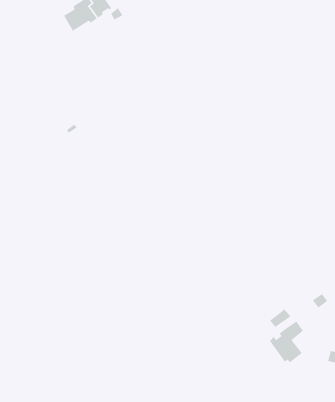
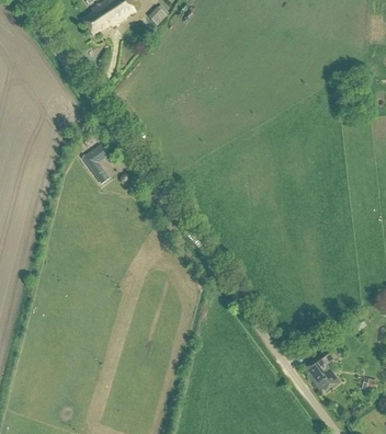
building: none -> [83,145,109,182]

